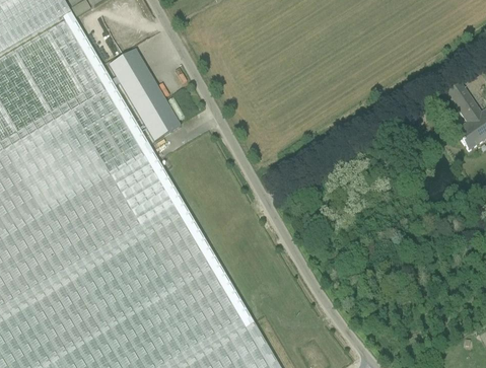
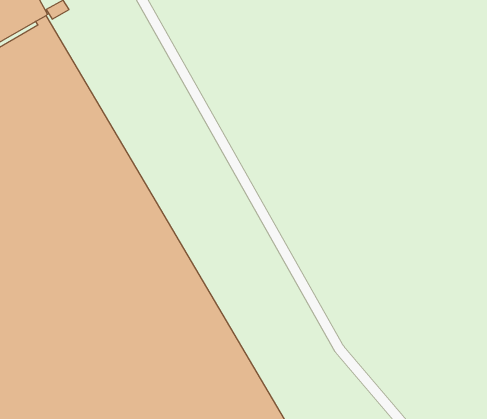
building: [109,50,177,142] -> none

